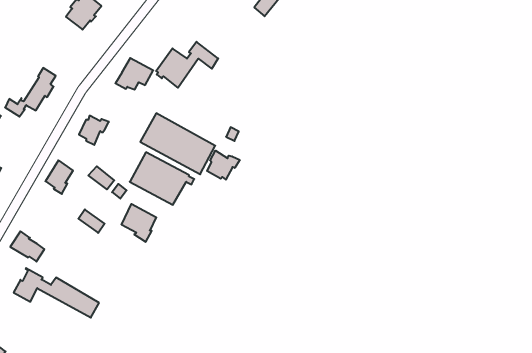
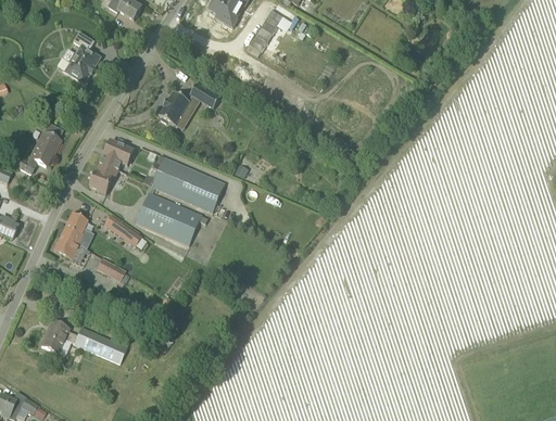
building: [115,58,153,90] -> [99,140,135,170]
building: [207,151,240,180] -> none
building: [122,204,156,242] -> none
building: [10,231,44,262] -> [53,234,87,263]

